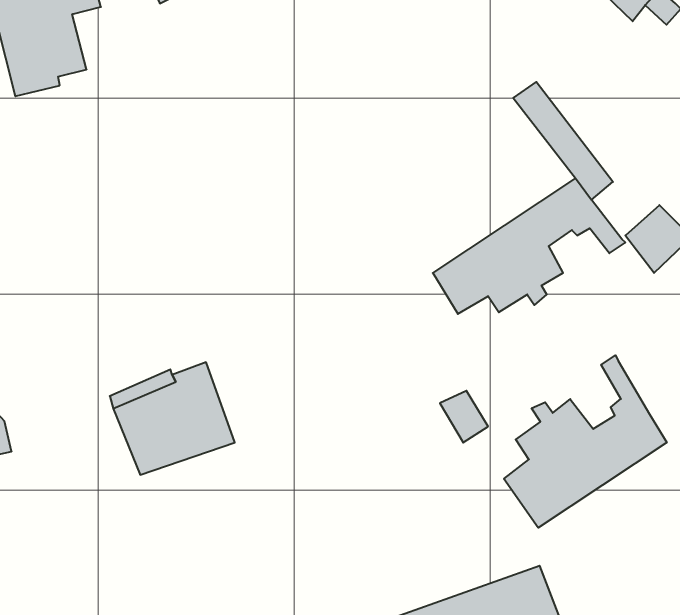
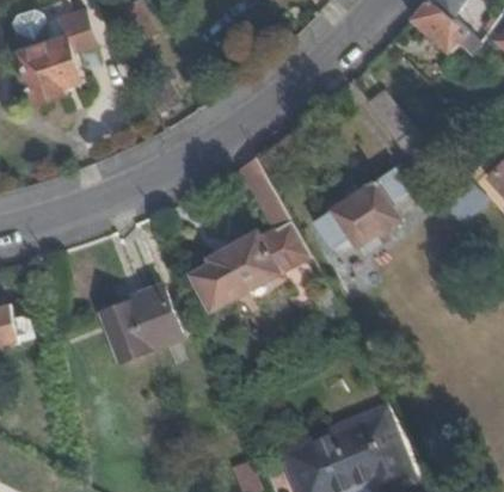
building: none -> [193,156,313,308]
building: [504,355,667,528] -> none

